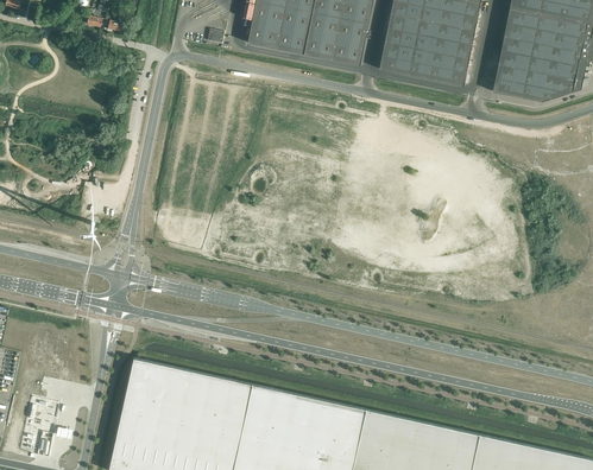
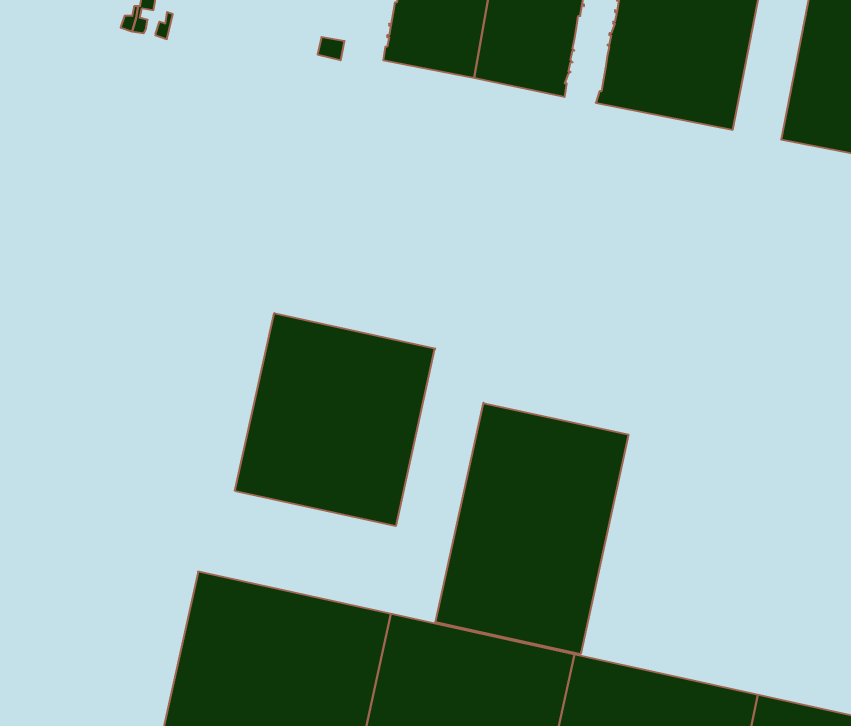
building: none -> [235,313,435,526]
building: none -> [435,403,628,654]

